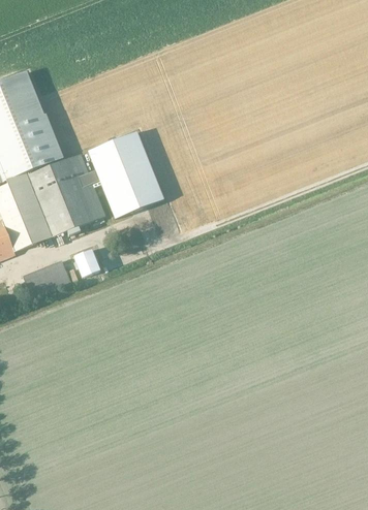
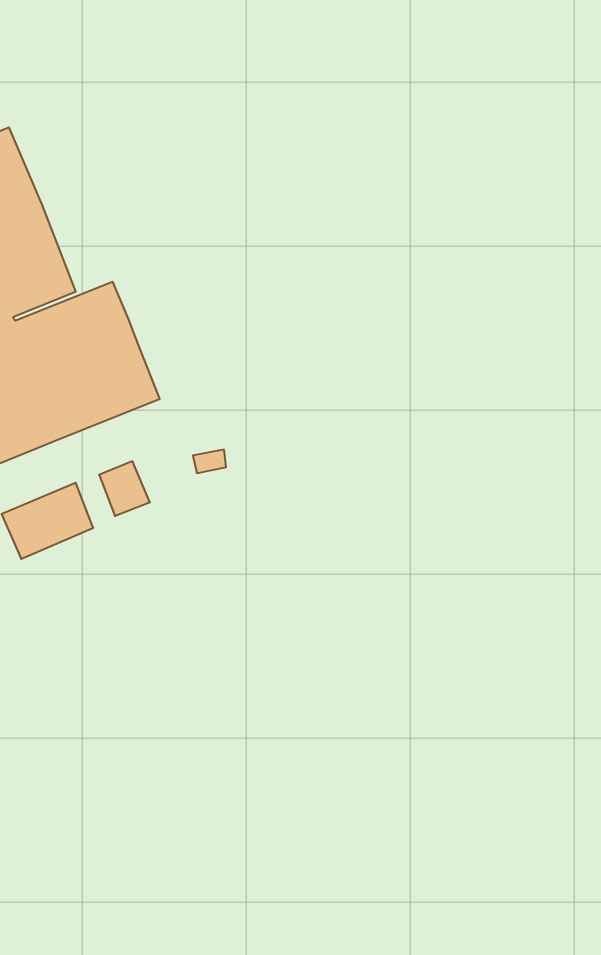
building: [88,131,163,218] -> none

